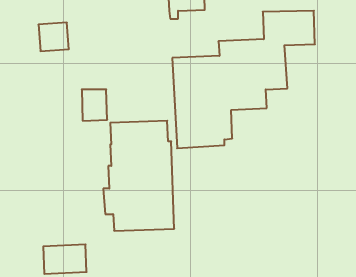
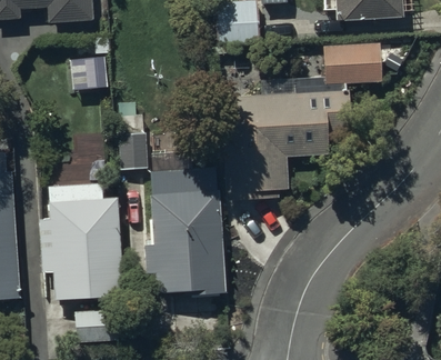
building: none -> [38,183,122,300]

